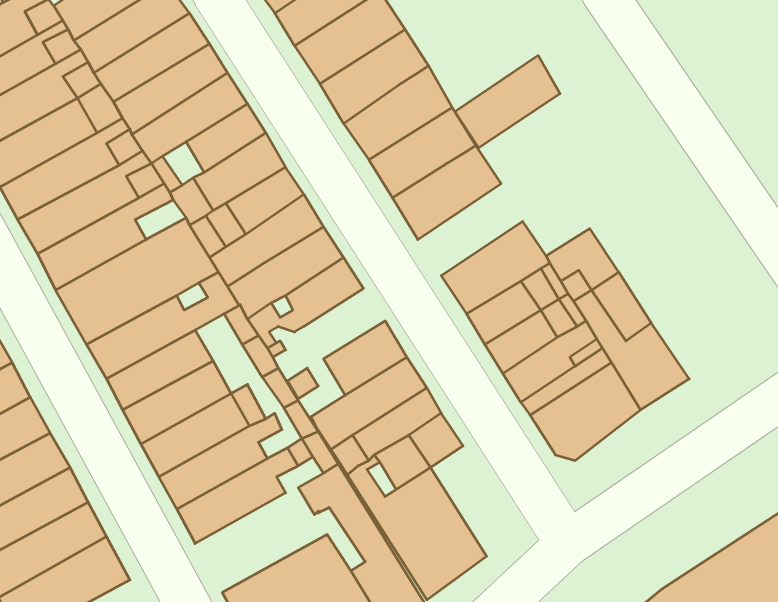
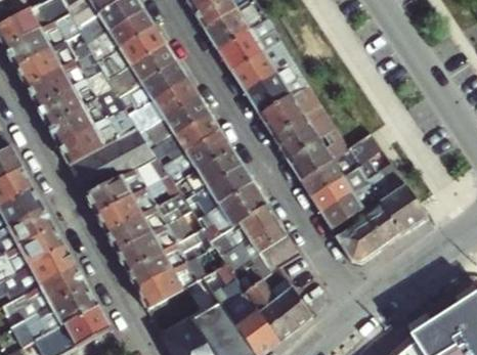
building: [455,56,560,148] -> [272,104,332,157]
building: none -> [208,164,254,204]

